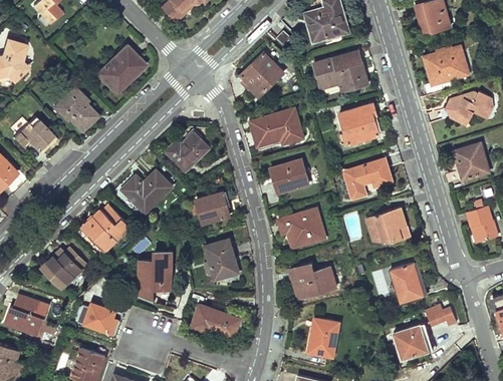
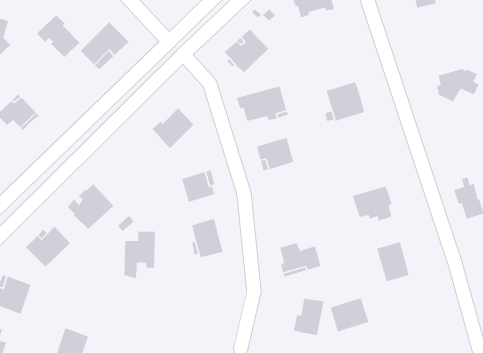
building: [418,46,468,95] -> none
building: [313,50,367,88] -> none
building: [53,87,97,130] -> [36,14,81,58]
building: [444,142,489,183] -> none
building: [344,158,392,199] -> none
building: [121,171,171,213] -> none
building: [278,209,324,248] -> none
building: [83,303,117,335] -> none
building: [425,304,458,326] -> none
building: [191,305,239,338] -> none
building: [394,323,433,358] -> [330,297,369,333]

